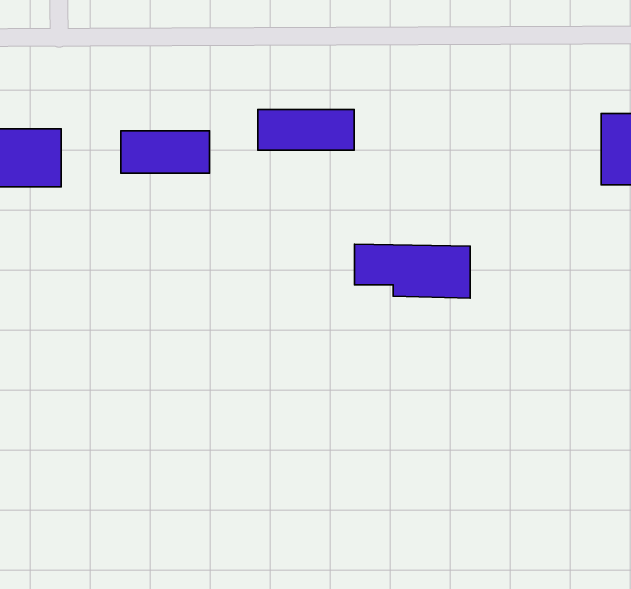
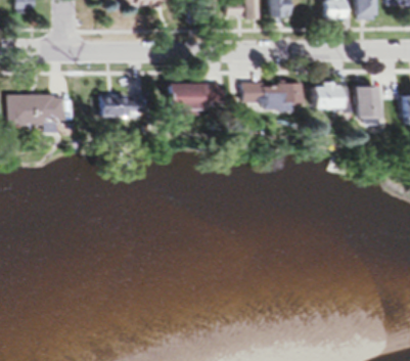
building: none -> [314,84,343,110]
building: [354,244,470,298] -> [239,83,301,111]

